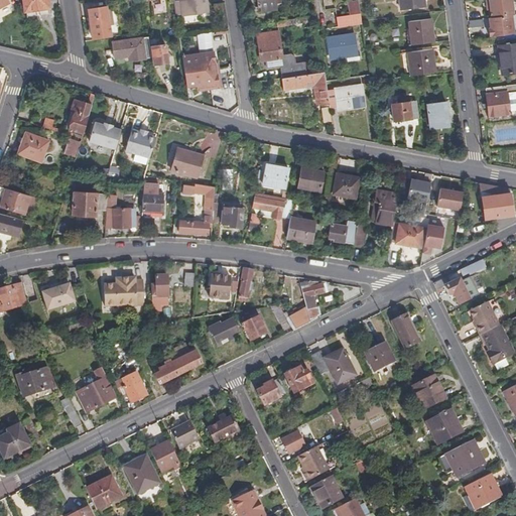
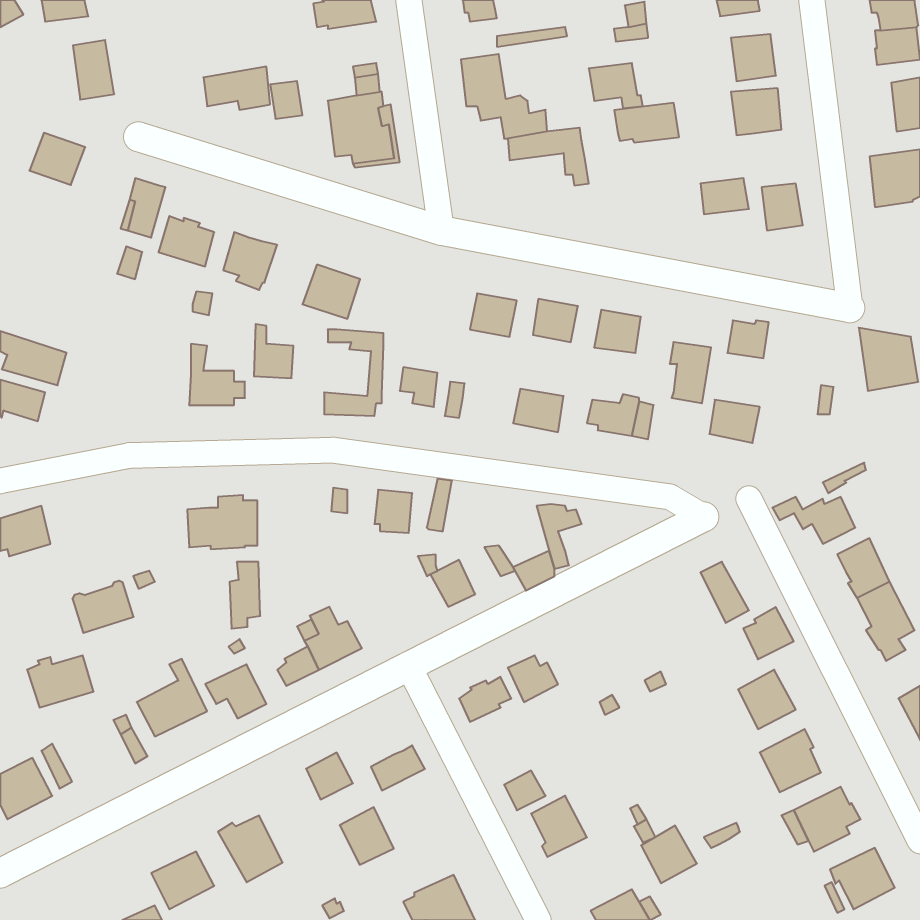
building: [89,8,112,41] -> [73,40,114,100]
building: [328,86,364,108] -> [614,103,679,142]
building: [19,132,50,161] -> [29,133,85,185]
building: [437,188,464,210] -> none
building: [74,191,107,215] -> none
building: [253,192,294,218] -> none
building: [423,225,444,254] -> none
building: [152,273,169,310] -> [230,562,260,629]
building: [41,282,76,311] -> [72,581,134,633]
building: [209,318,239,347] -> none
building: [365,342,393,371] -> [743,607,794,659]
building: [310,349,355,384] -> none
building: [149,440,179,473] -> [340,807,394,865]
building: [311,475,343,507] -> [641,826,697,883]

